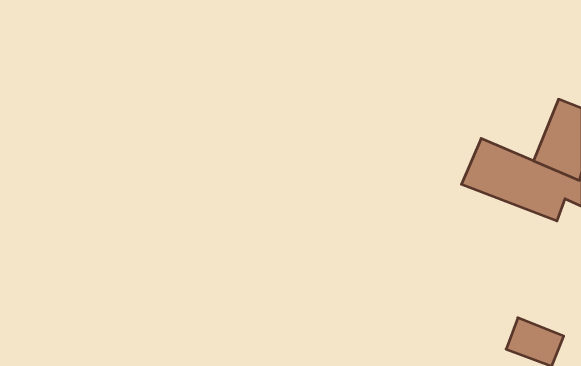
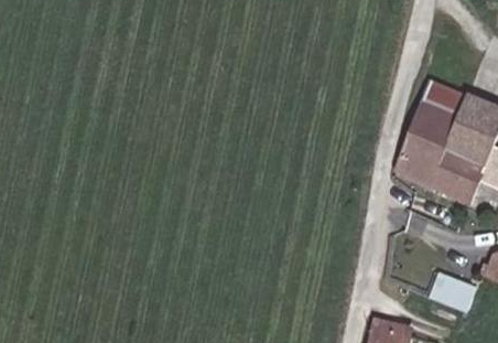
building: none -> [409,77,474,148]

